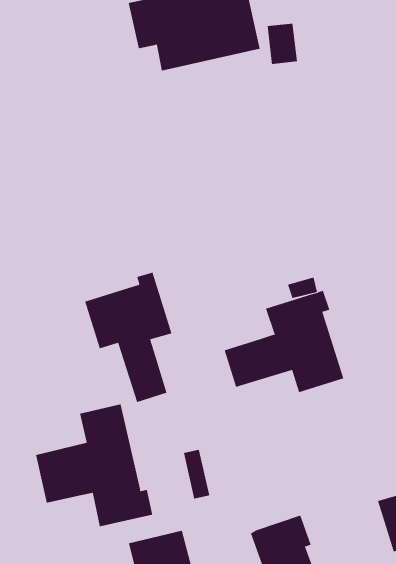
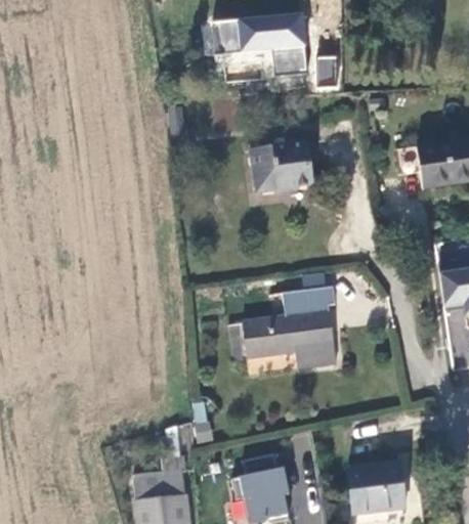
building: none -> [250,141,310,194]
building: [84,272,172,403] -> none
building: [35,404,153,527] -> none

